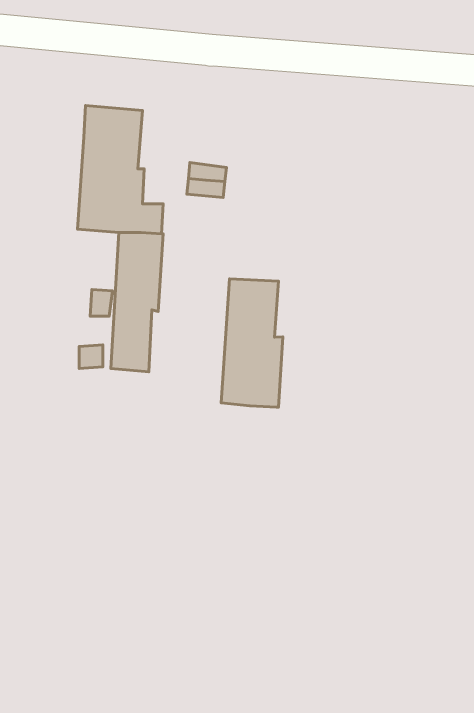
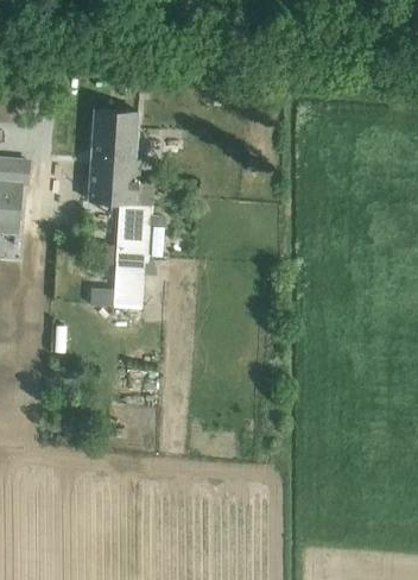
building: [221,279,283,407] -> none

